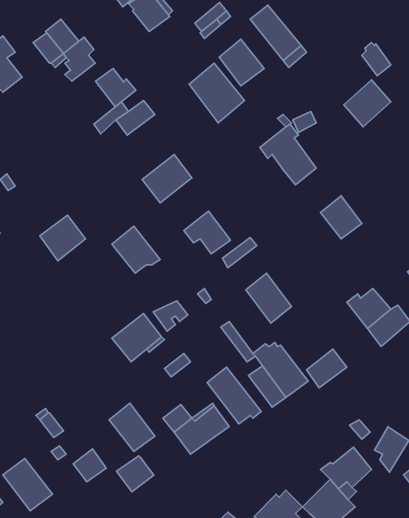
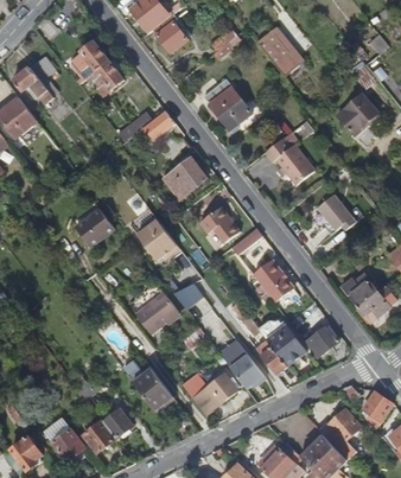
building: [219,39,264,86] -> none
building: [95,69,136,107] -> none
building: [117,456,154,492] -> [84,422,116,453]

